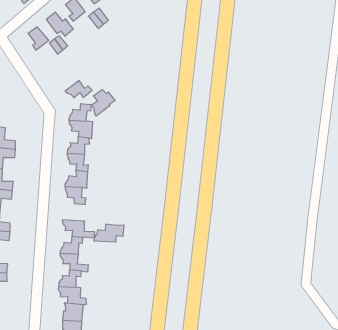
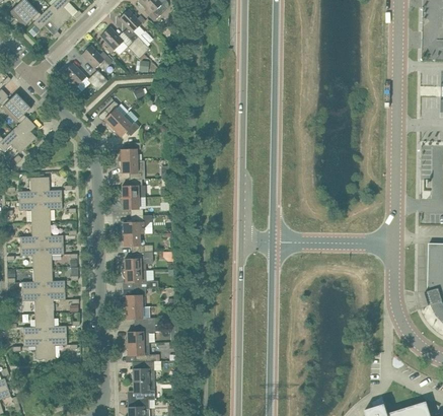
building: [92,90,115,116] -> [103,101,129,131]
building: [94,224,124,242] -> [121,252,152,272]

